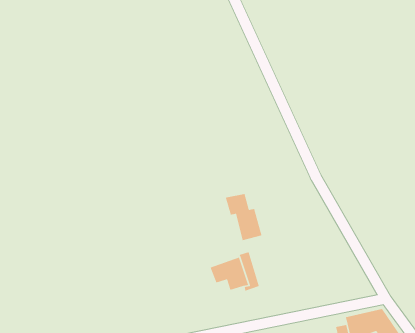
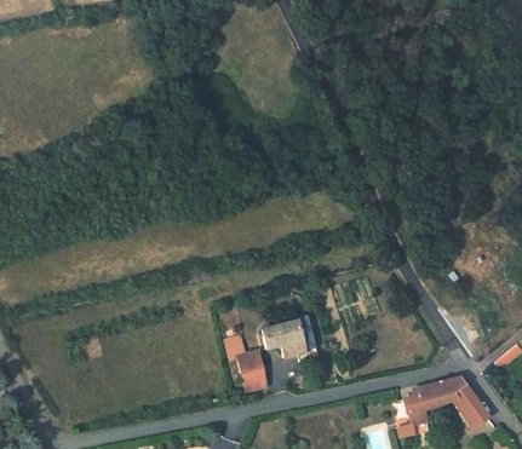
building: [225,193,262,241] -> [224,334,266,388]

